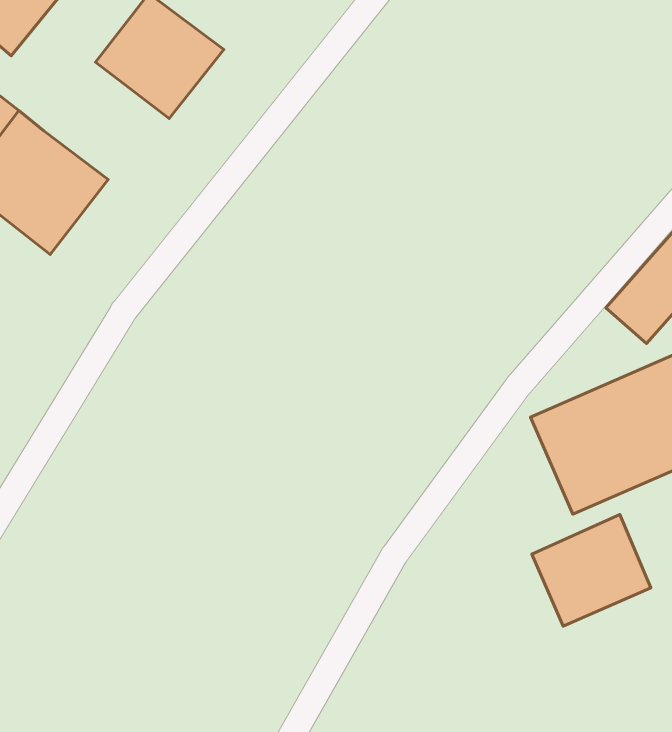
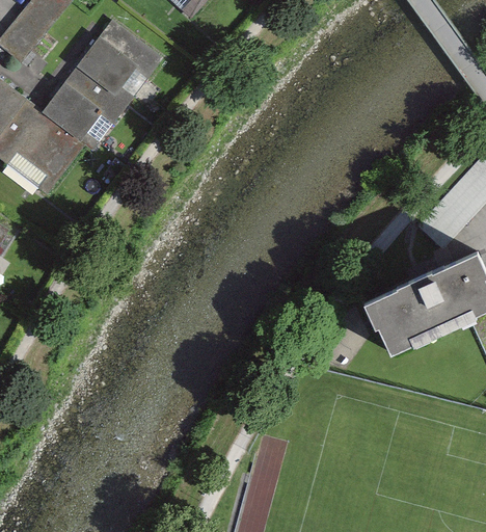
building: none -> [42,64,125,148]
building: [532,514,651,626] -> none

